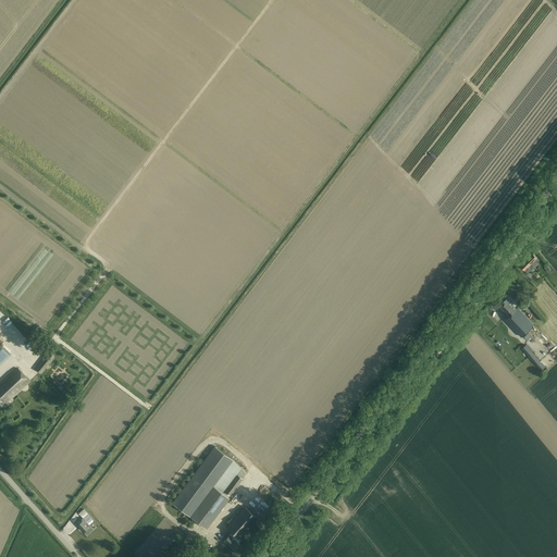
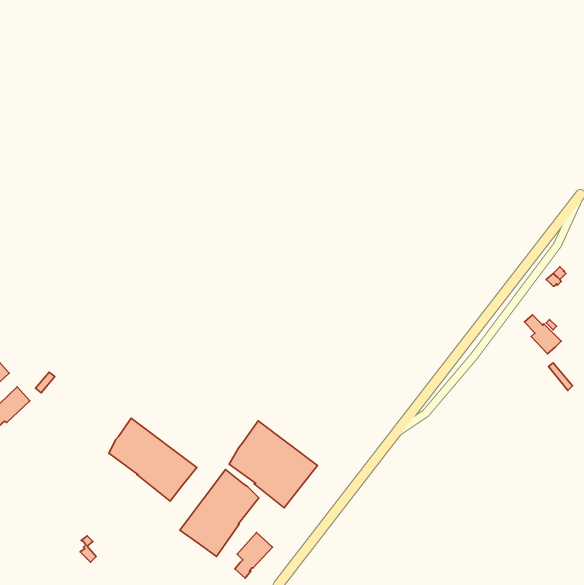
building: none -> [109,418,197,501]
building: none -> [229,421,317,508]

